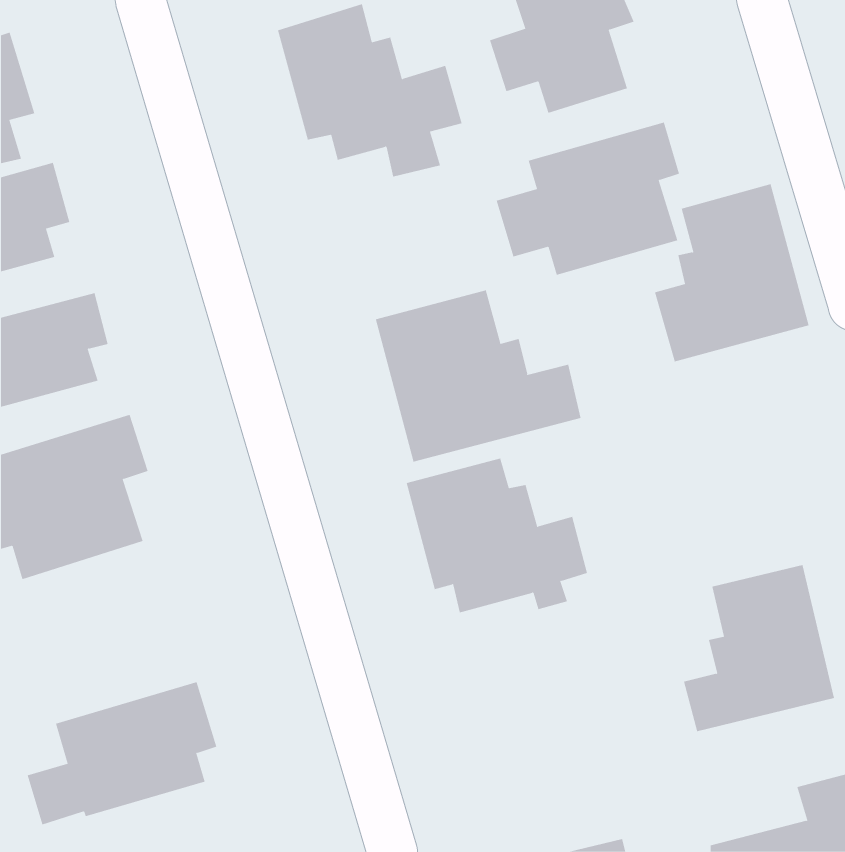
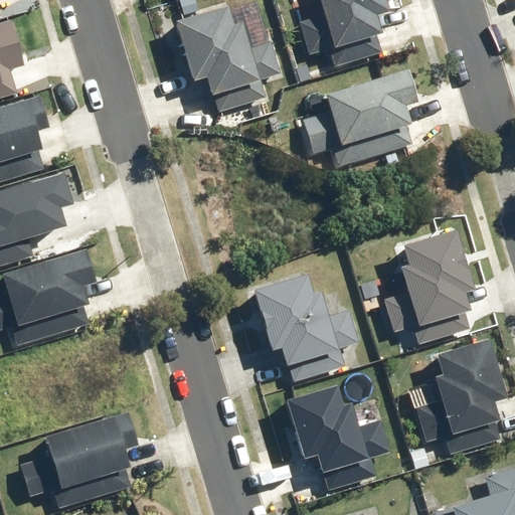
building: [654,183,810,362] -> [382,228,476,336]
building: [375,289,581,463] -> none
building: none -> [283,388,389,474]

